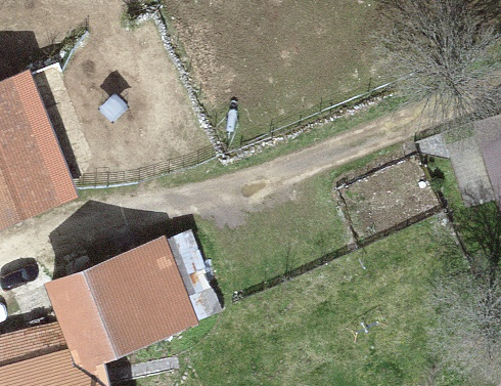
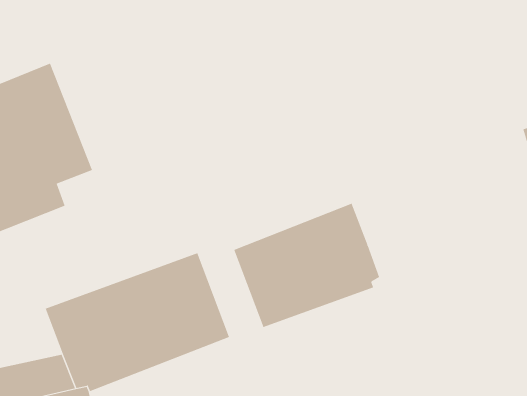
building: none -> [234,203,380,328]

